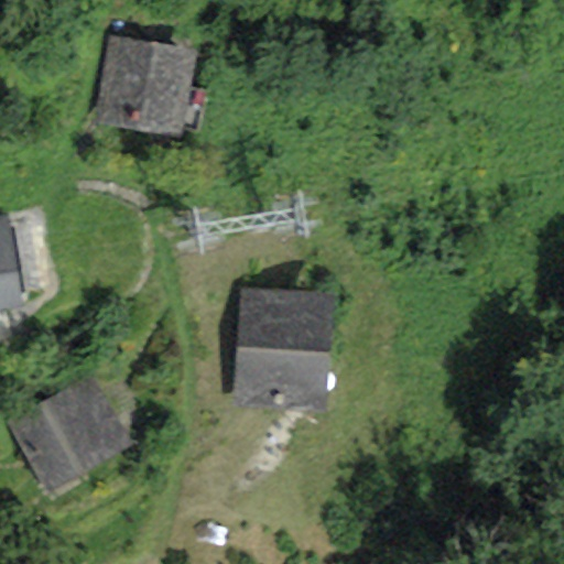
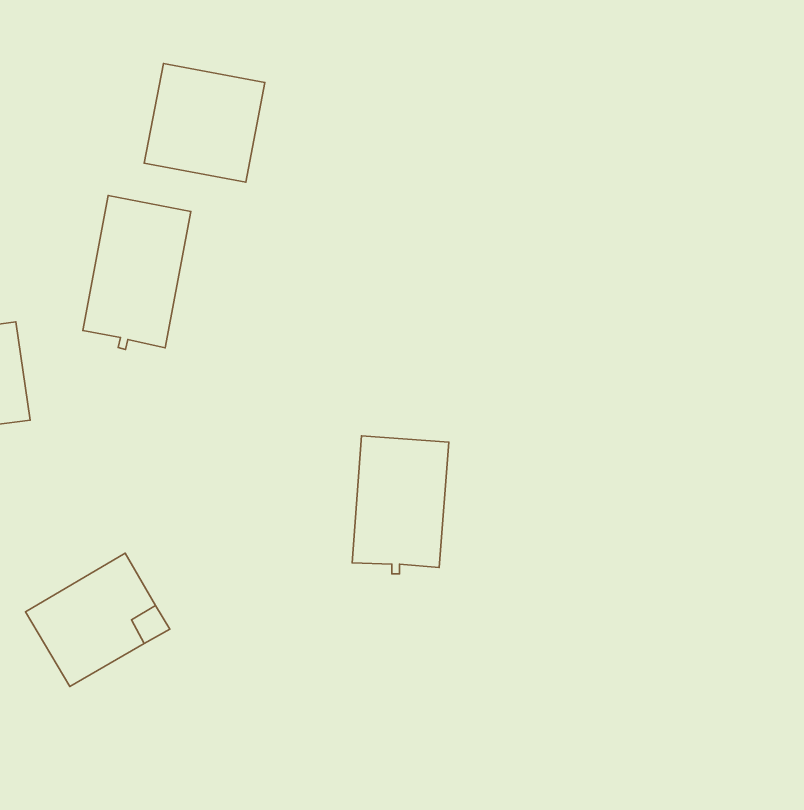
building: none -> [83,196,191,350]

